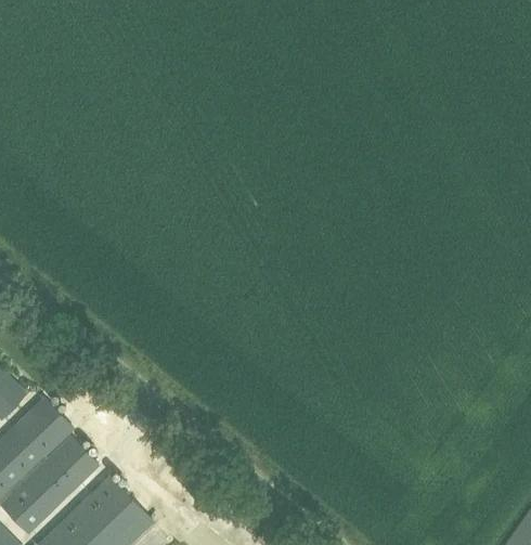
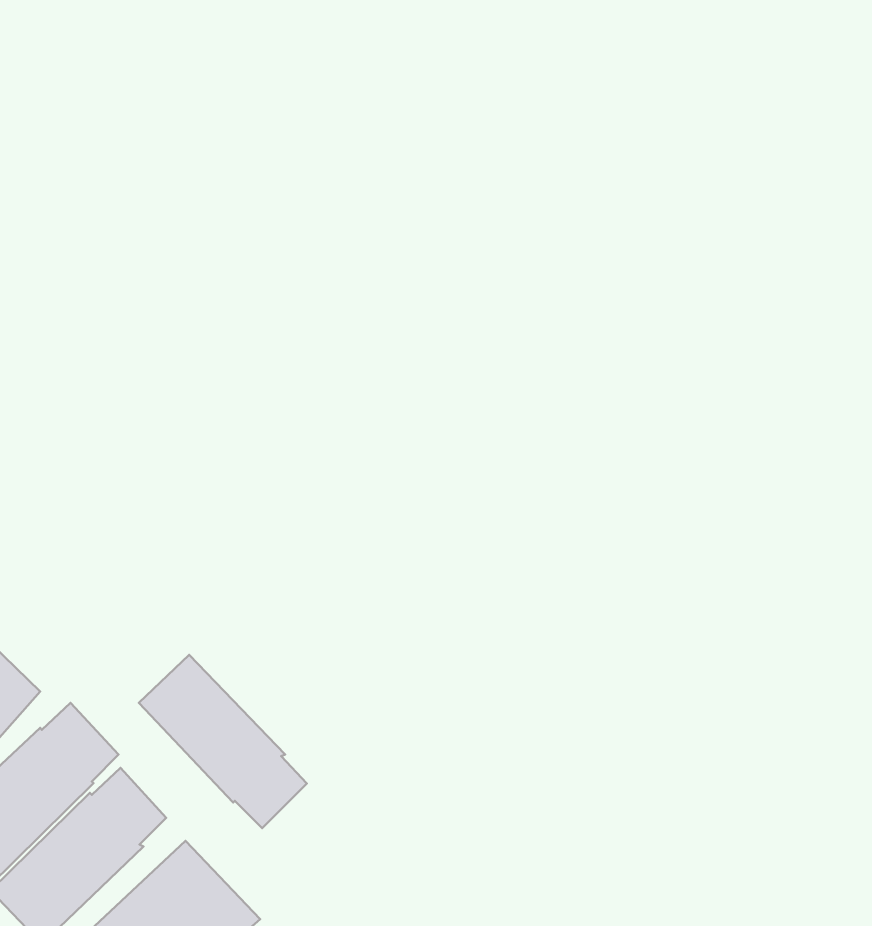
building: none -> [139,655,307,828]

